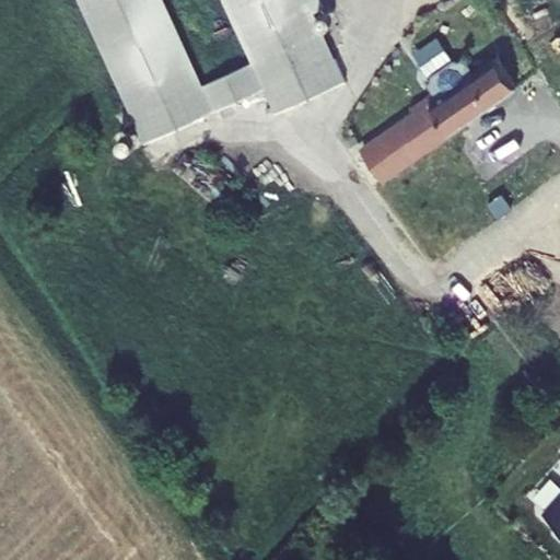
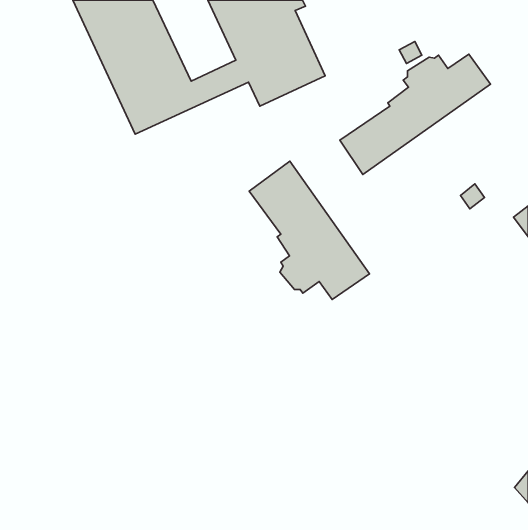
building: none -> [249,161,369,300]

